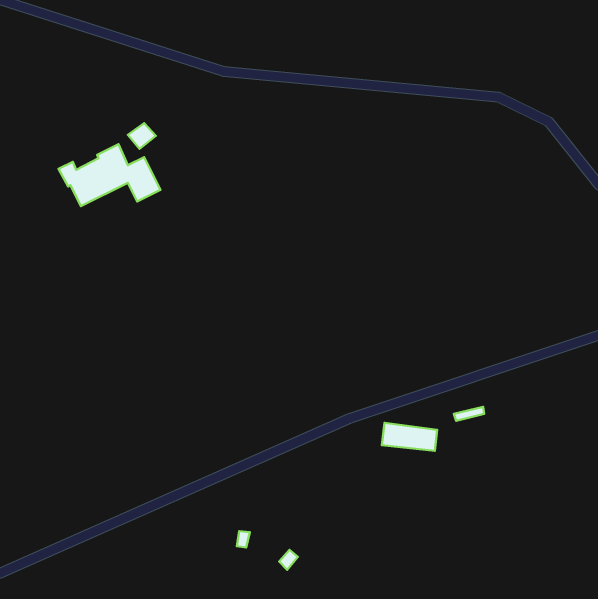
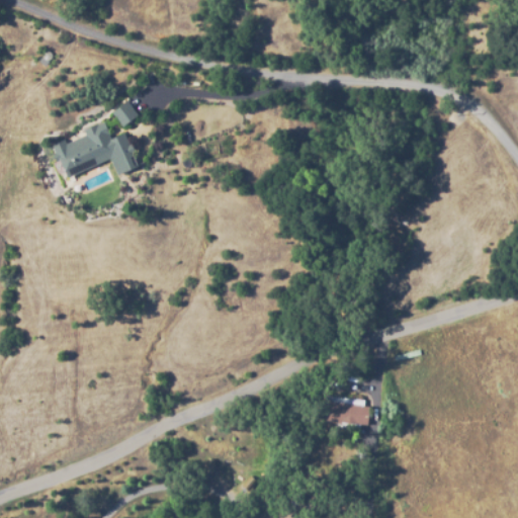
building: [382,423,437,451] -> [322,401,369,425]

